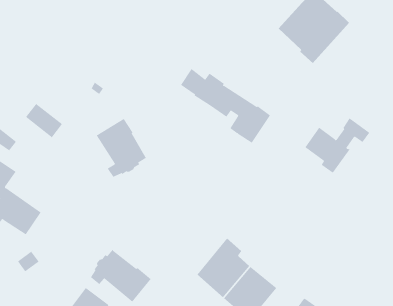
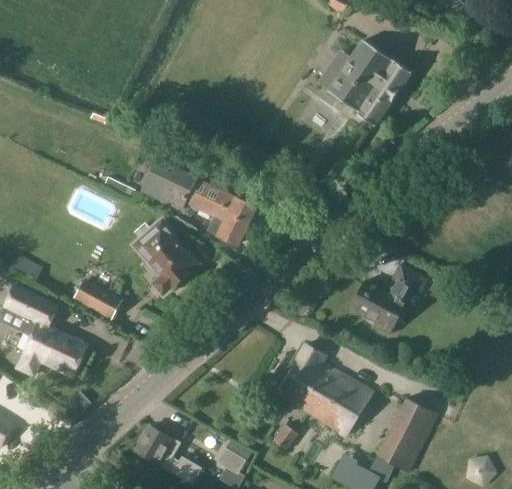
building: [180,68,271,144] -> [143,166,254,243]
building: [25,103,63,138] -> [75,279,120,317]
building: [305,118,370,174] -> [352,263,426,331]
building: [90,249,151,302] -> none

